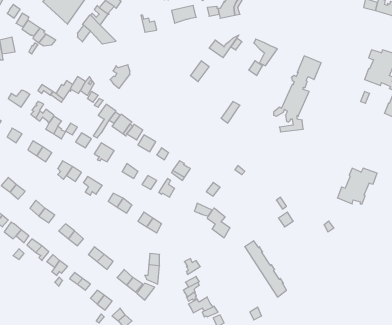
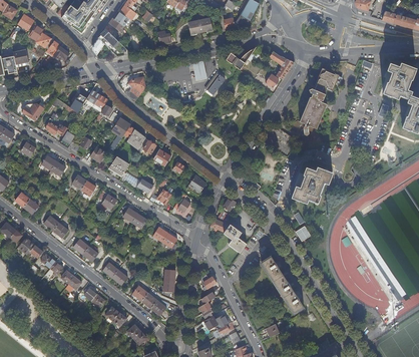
building: [337,168,377,204] -> [292,166,332,203]

